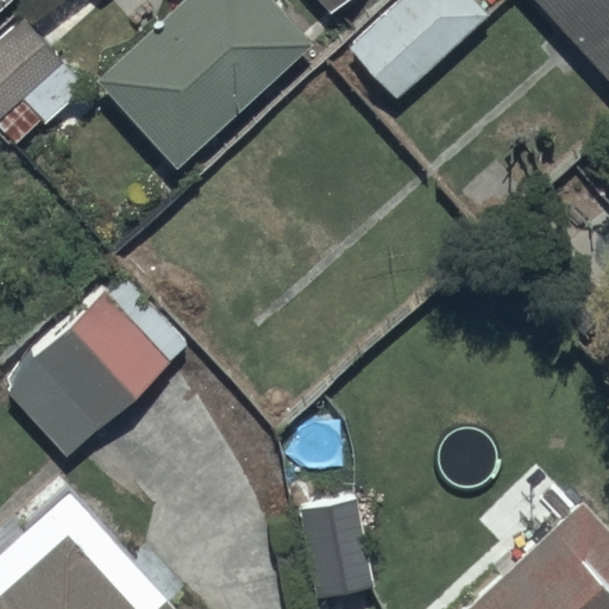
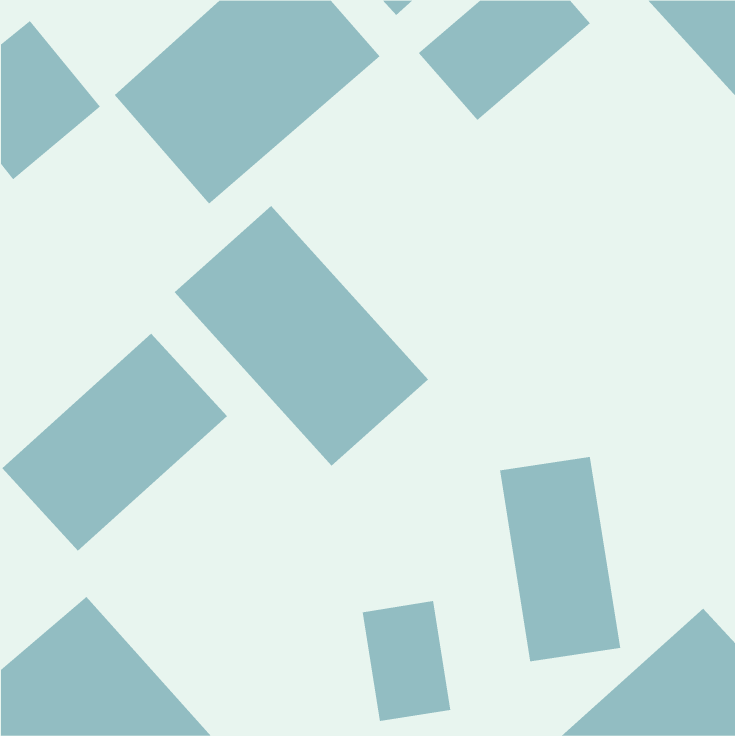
building: none -> [174,205,429,466]
building: none -> [499,456,621,662]

